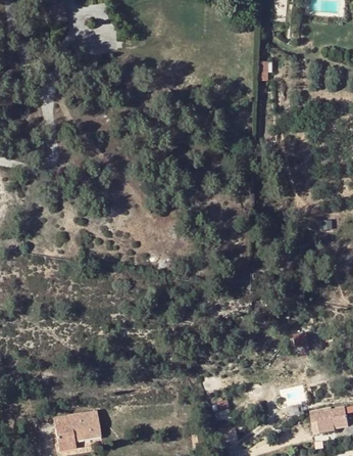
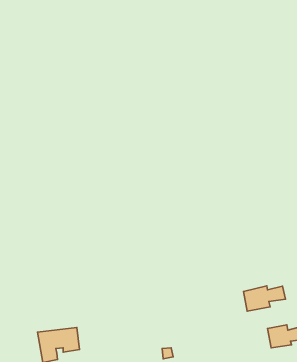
building: none -> [243,286,286,311]

